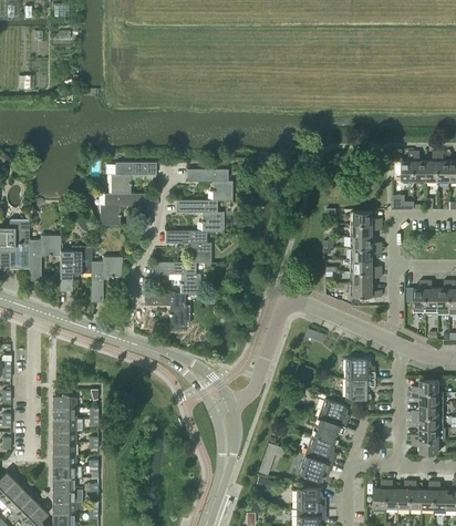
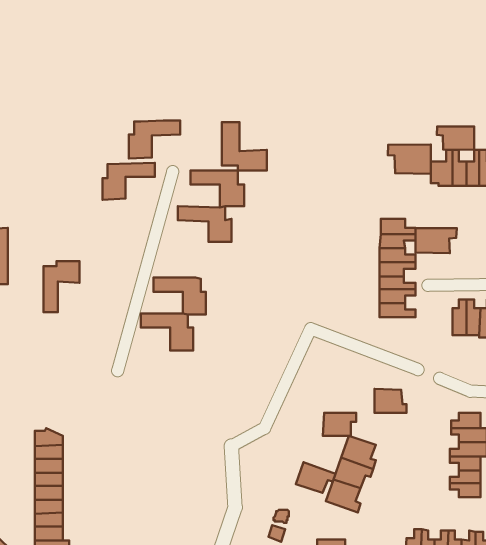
building: none -> [222,122,267,170]
building: none -> [437,126,474,150]
building: none -> [388,144,431,174]
building: [101,194,145,227] -> [129,120,180,159]
building: none -> [415,228,457,253]
building: [165,231,211,264] -> none
building: [29,237,60,281] -> none
building: [91,258,122,303] -> none
building: [345,380,374,400] -> [323,413,356,436]
building: [298,456,332,483] -> [296,462,335,493]

